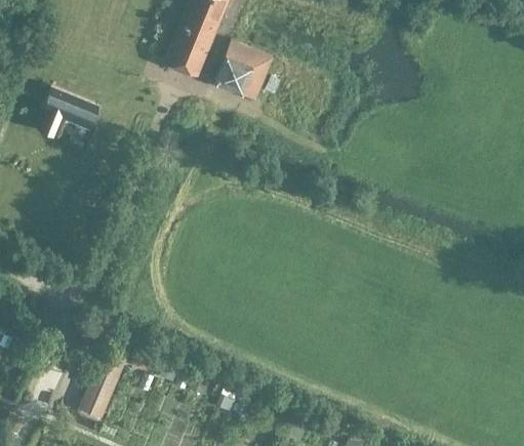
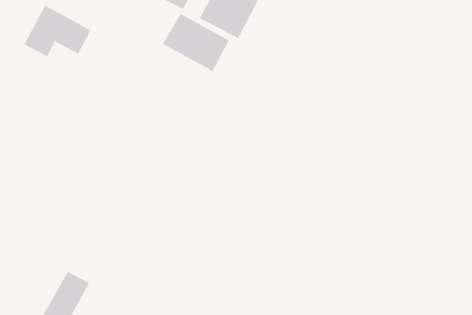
building: none -> [162,13,229,72]

